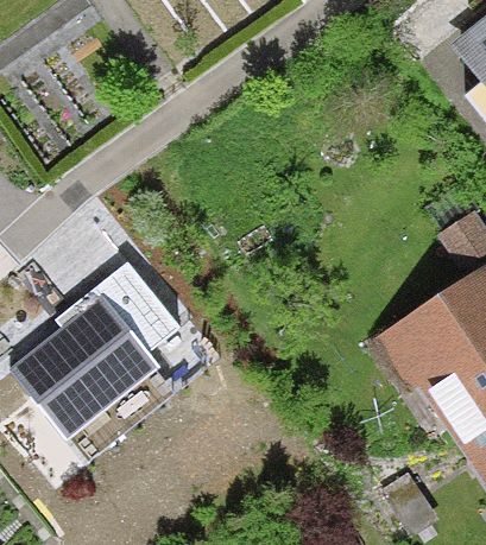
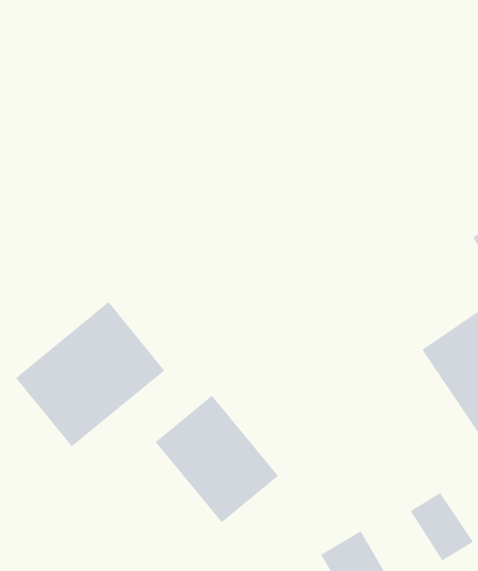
building: none -> [155,395,279,523]

